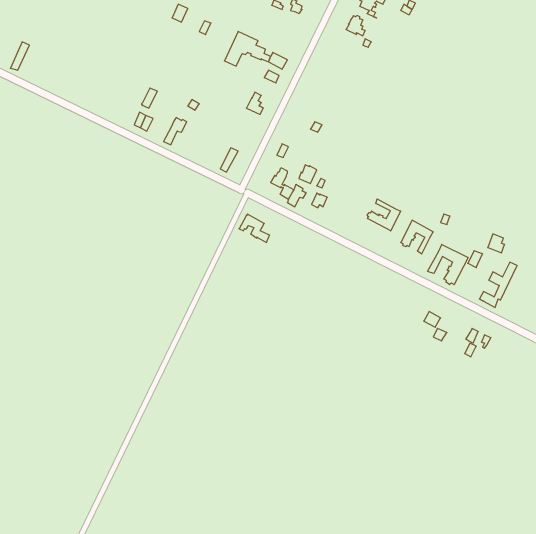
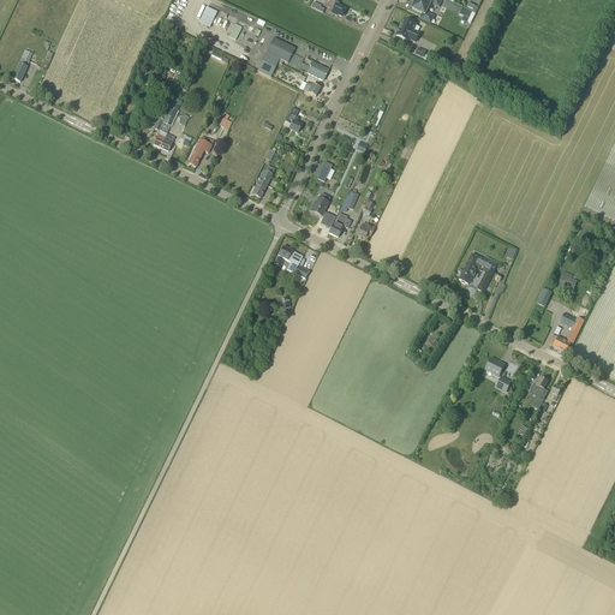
building: [367,199,401,231] -> none
building: [428,244,468,285] -> none

